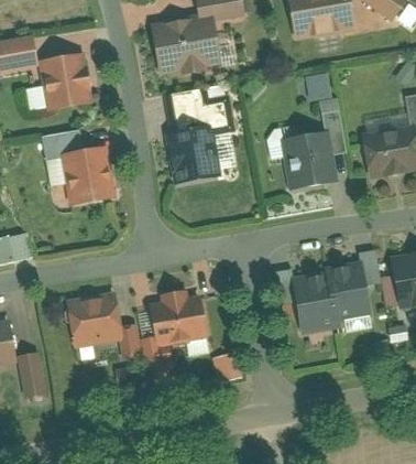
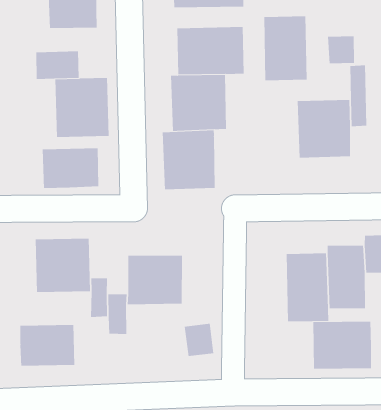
building: none -> [264,15,307,81]
building: none -> [162,130,215,190]
building: none -> [42,148,99,189]
building: none -> [313,321,372,370]
building: none -> [20,324,75,367]

